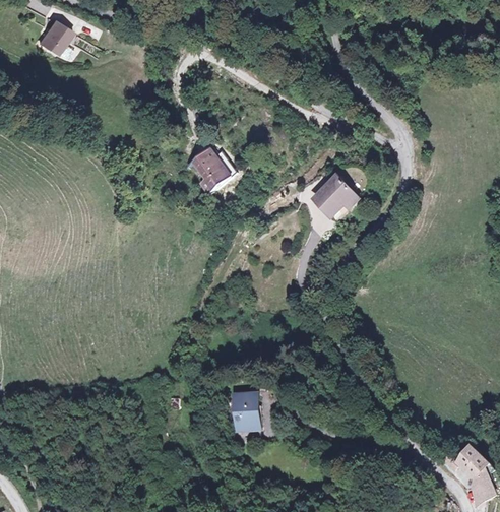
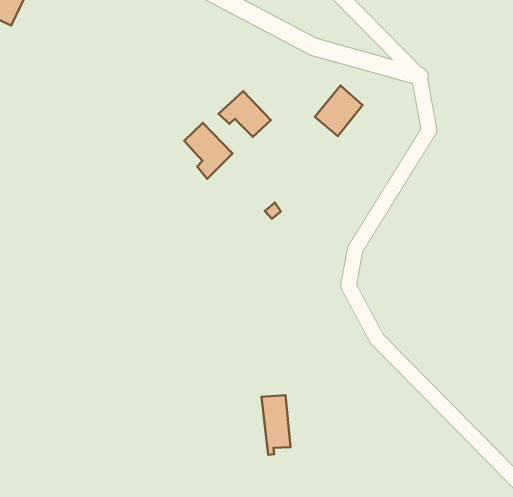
building: none -> [218,91,271,137]
building: [315,177,356,218] -> [315,86,362,136]

